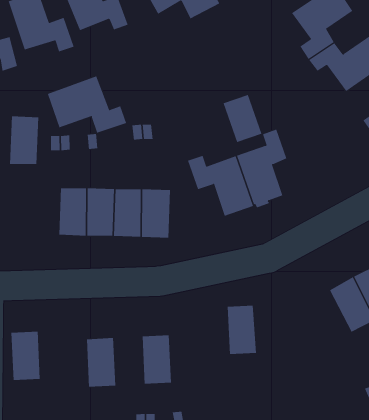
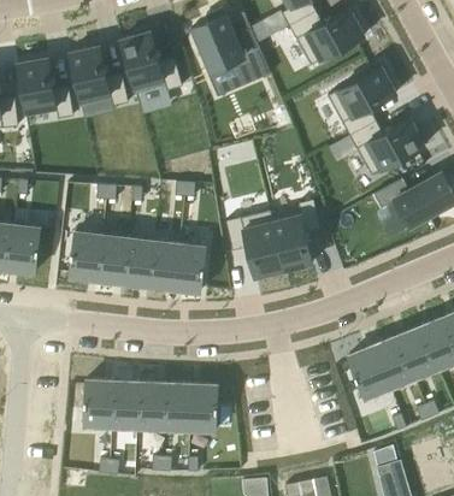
building: [47,76,127,133] -> none
building: [223,94,262,143] -> none
building: [9,116,39,164] -> [69,231,101,279]
building: [227,305,257,355] -> [189,384,217,431]
building: [11,331,41,381] -> [83,379,112,426]
building: none -> [136,382,165,429]

